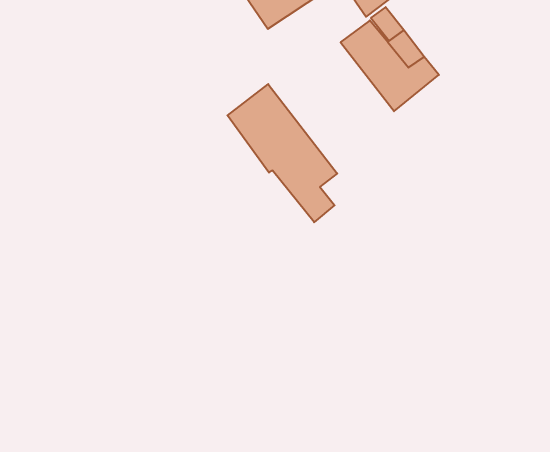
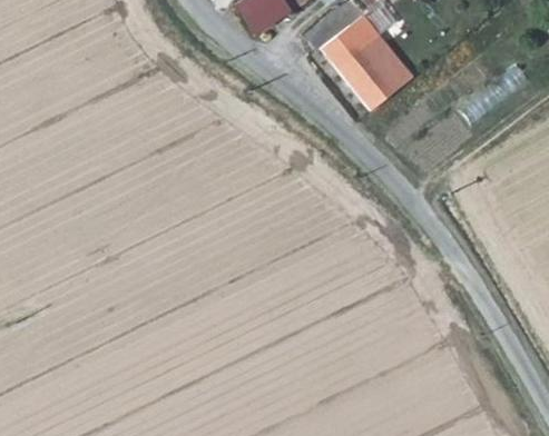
building: [227,84,337,222] -> none

